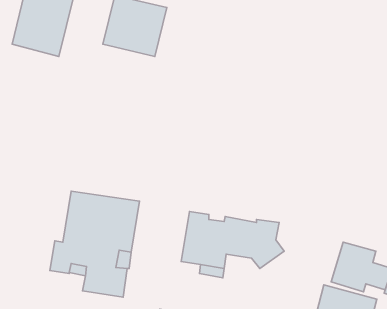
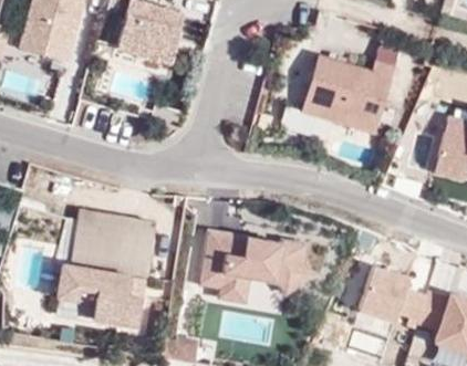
building: none -> [282,43,398,142]

